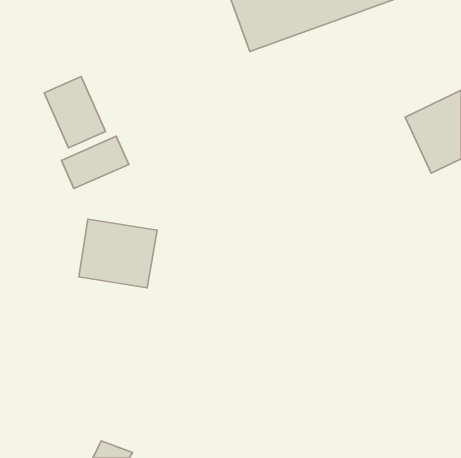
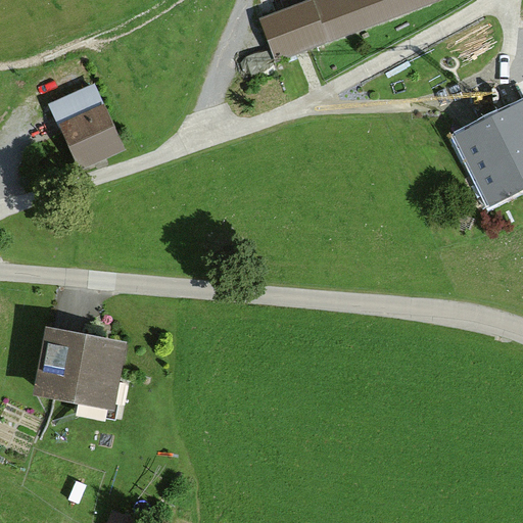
building: [61,136,129,189] -> none
building: [79,219,157,288] -> [35,328,124,406]

